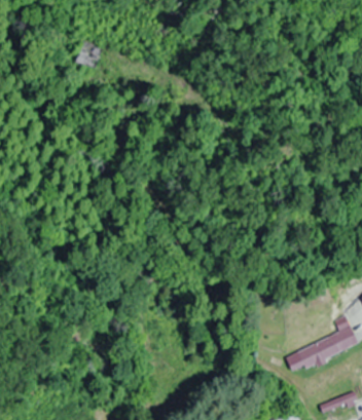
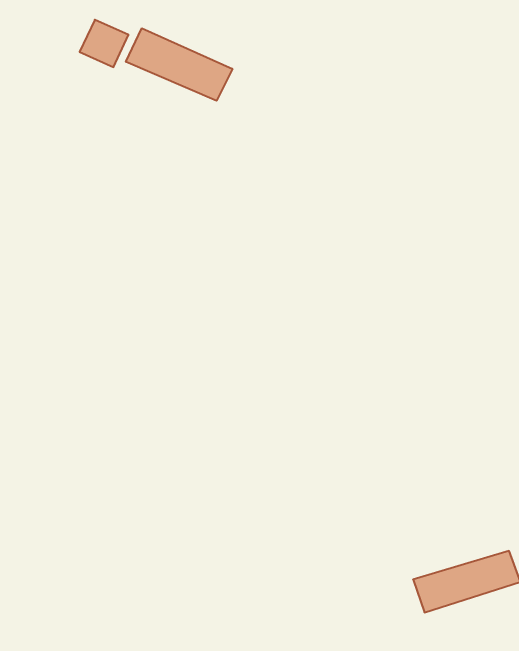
building: none -> [126,28,232,101]

